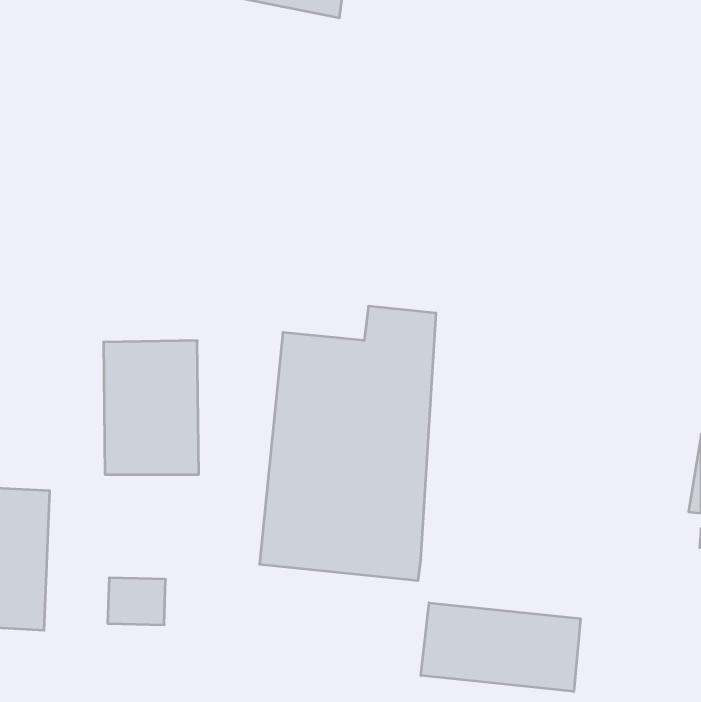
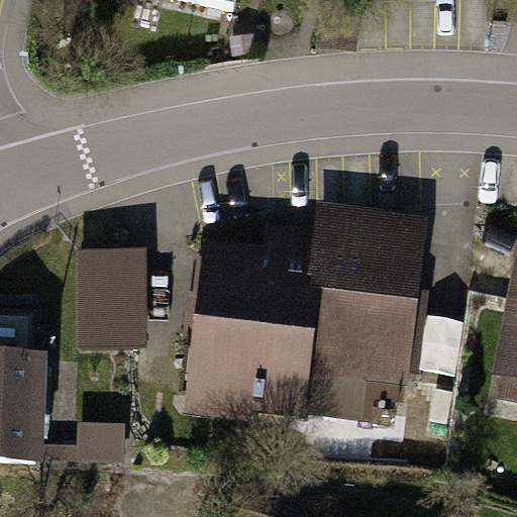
building: none -> [308,208,430,417]
building: [421,603,580,692] -> none

